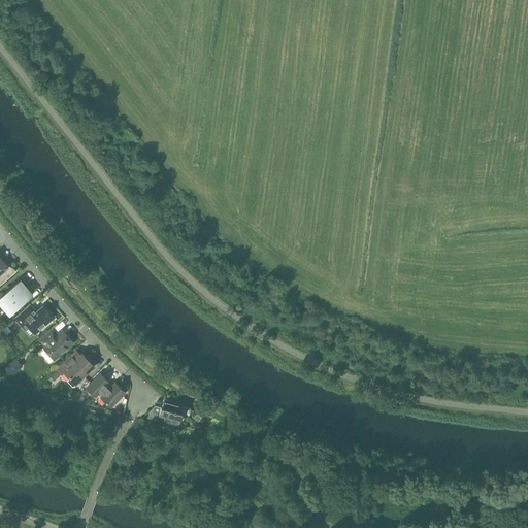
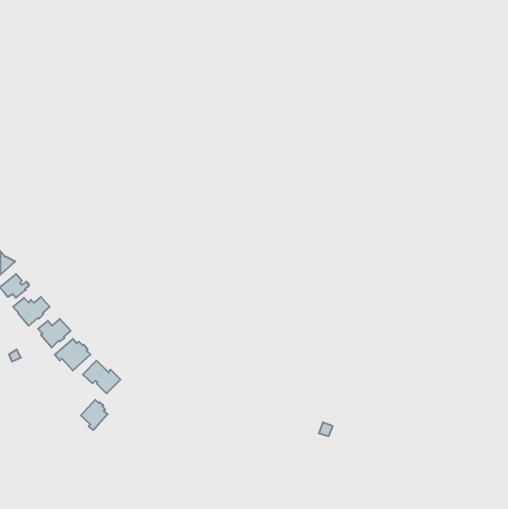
building: [158,398,183,426] -> none
building: none -> [81,400,108,430]

